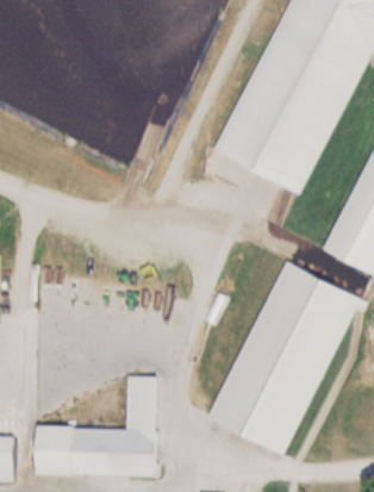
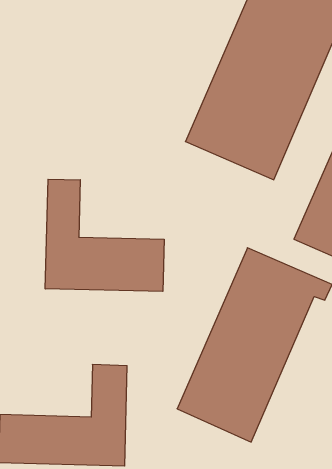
building: none -> [45,179,164,291]

